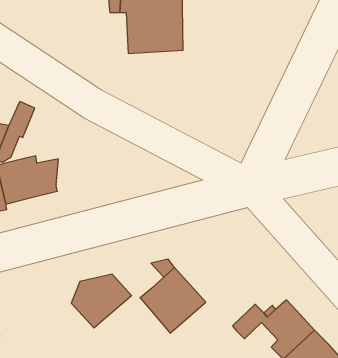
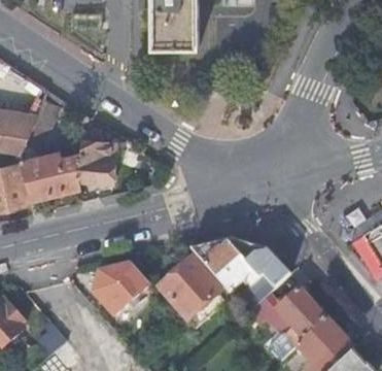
building: none -> [79,140,115,180]
building: none -> [192,239,290,313]

